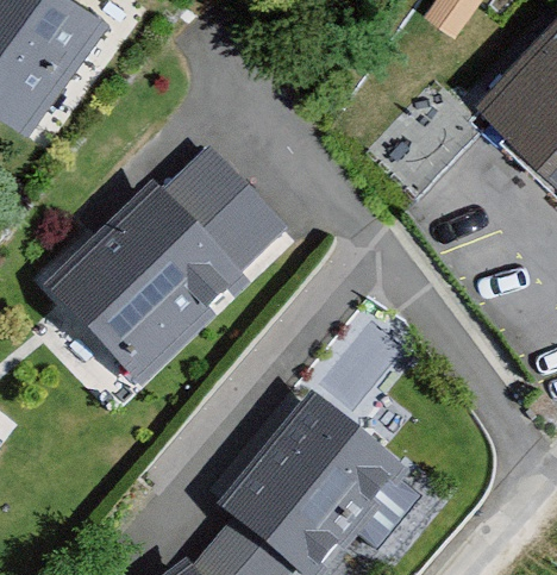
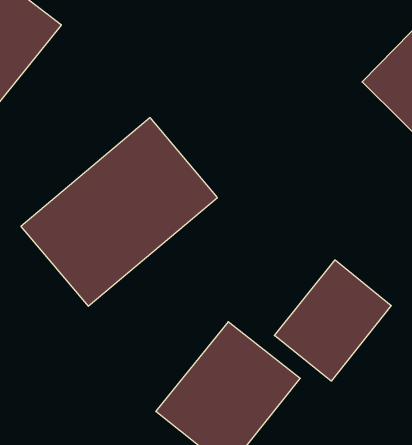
building: none -> [274,260,391,381]

